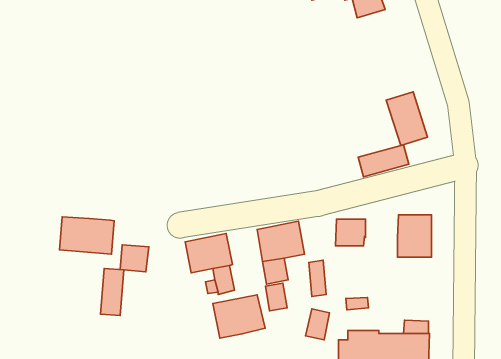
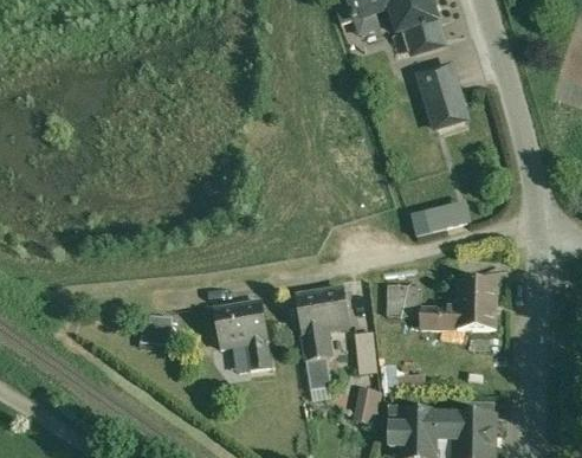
building: [386,92,428,145] -> [419,66,466,128]
building: [59,217,114,254] -> none
building: none -> [419,304,458,328]
building: [101,269,124,316] -> none
building: [213,295,265,338] -> none

